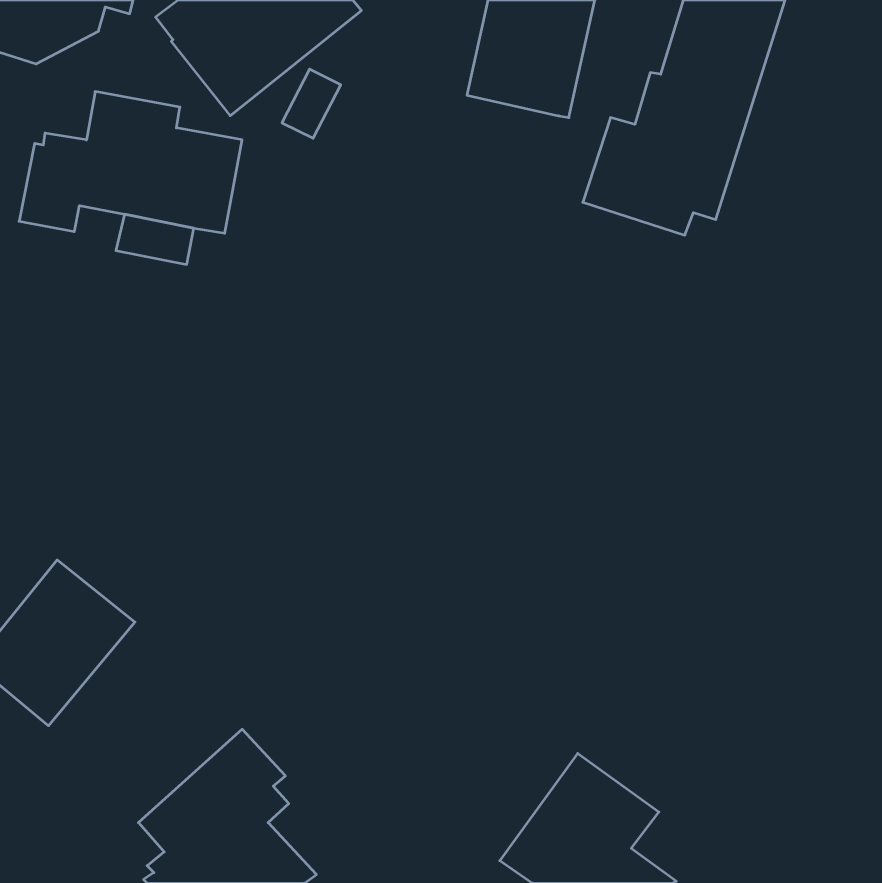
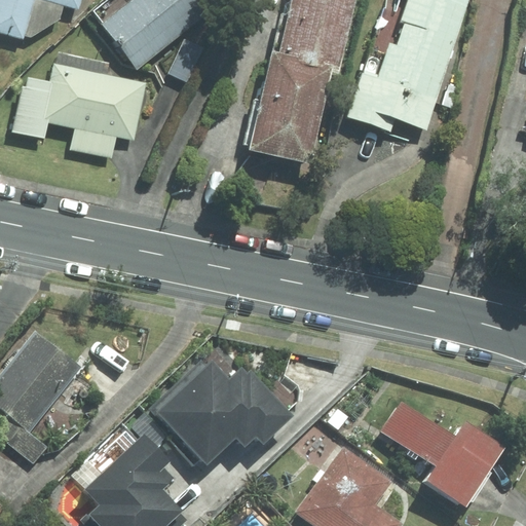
building: none -> [250,54,332,163]
building: none -> [149,344,292,464]
building: none -> [381,402,503,510]

